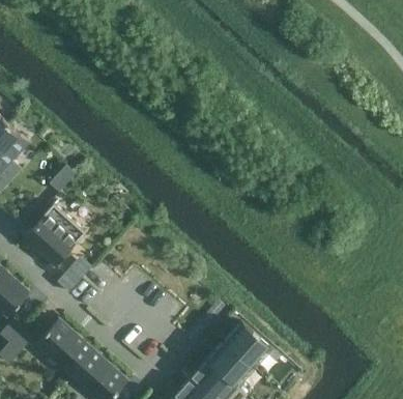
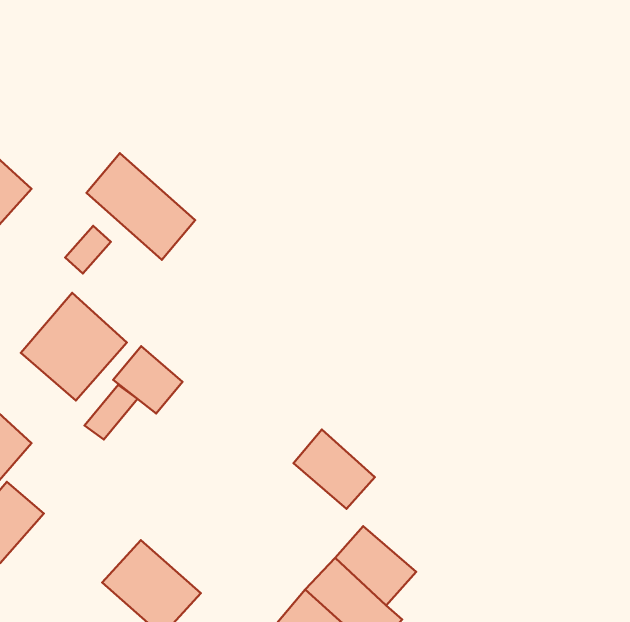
building: none -> [87,153,195,260]
building: none -> [113,346,183,414]
building: [36,318,93,374] -> none
building: [224,321,271,368] -> [294,429,375,509]

